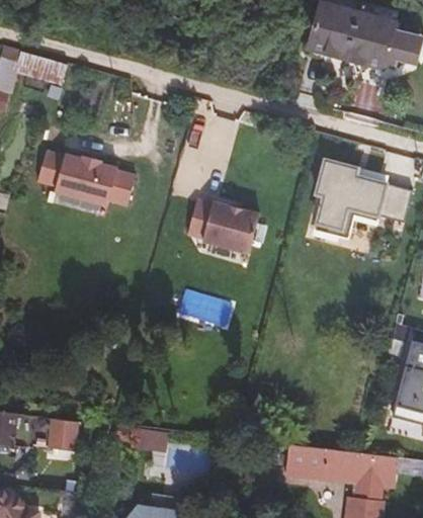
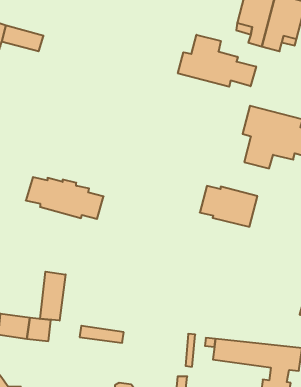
building: none -> [178,35,256,87]
building: [34,153,133,205] -> [26,177,104,219]
building: [186,202,259,254] -> [200,186,257,227]
building: none -> [40,272,66,321]

